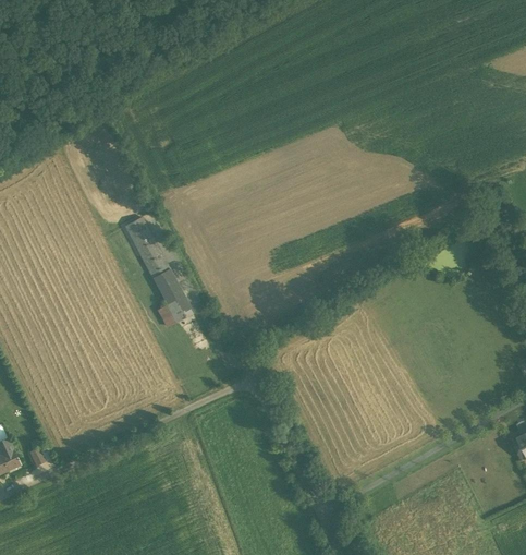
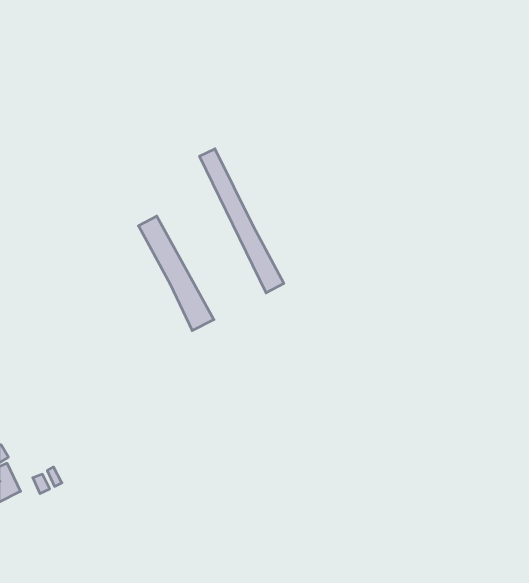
building: none -> [200,149,284,293]

